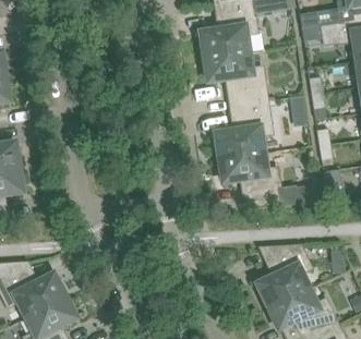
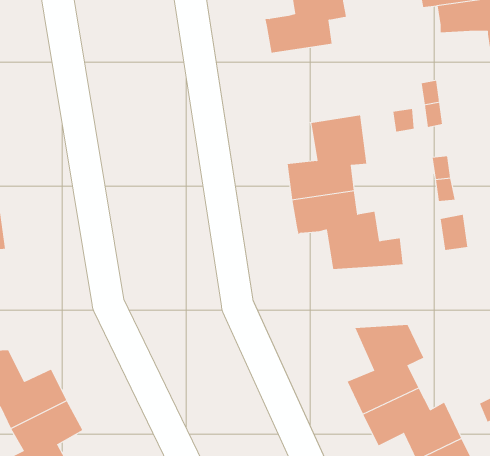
building: [205,50,267,105] -> none

